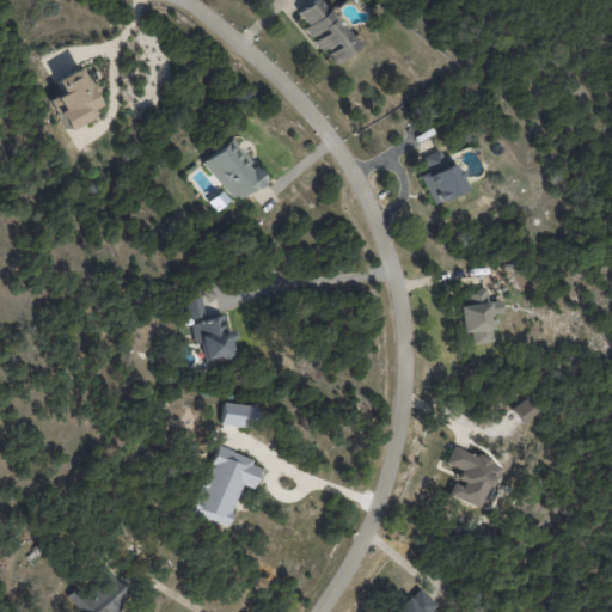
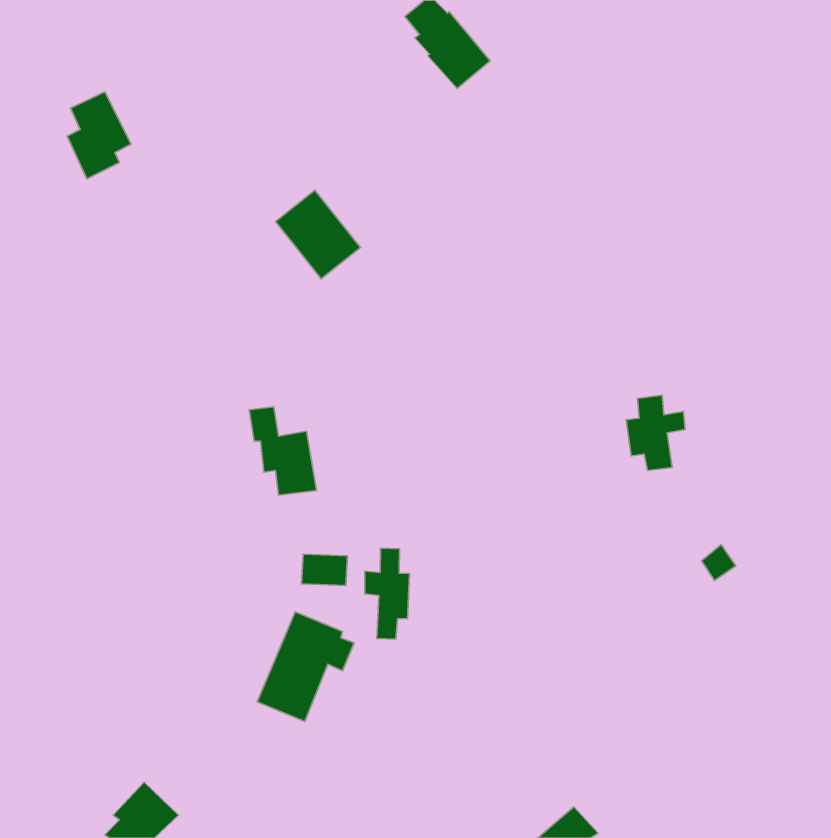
building: [424,147,466,203] -> none
building: none -> [365,548,409,639]
building: [448,446,500,508] -> none

